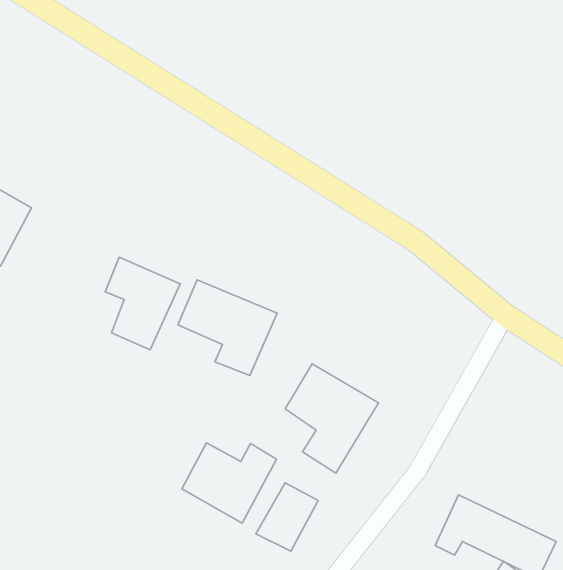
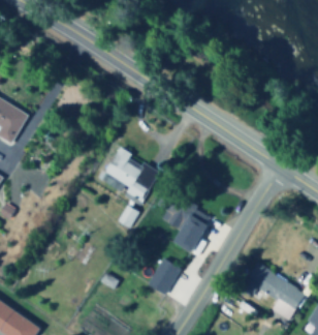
building: [105,257,180,350] -> none
building: [182,443,276,523] -> none

